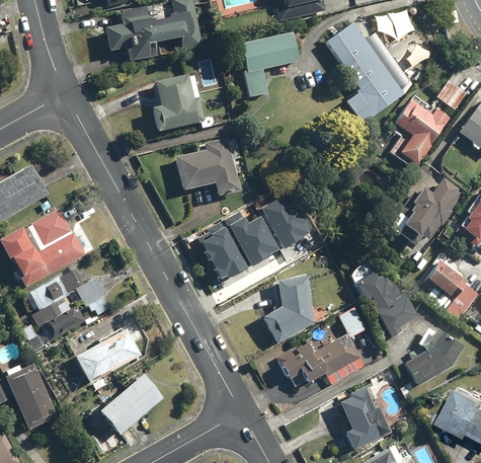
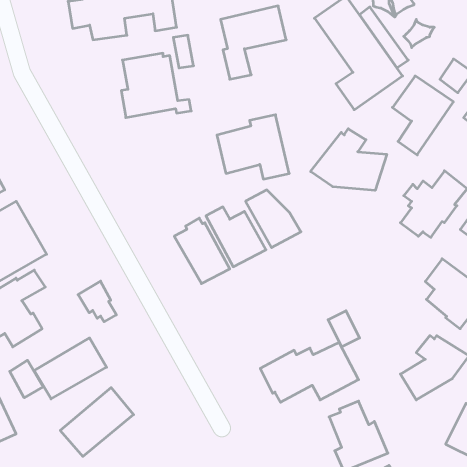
building: [175,139,240,197] -> [217,115,289,179]
building: none -> [311,129,387,190]
building: [353,272,415,336] -> none
building: [261,274,316,343] -> none
building: [75,279,109,315] -> [78,281,116,322]
building: none -> [10,360,43,398]

